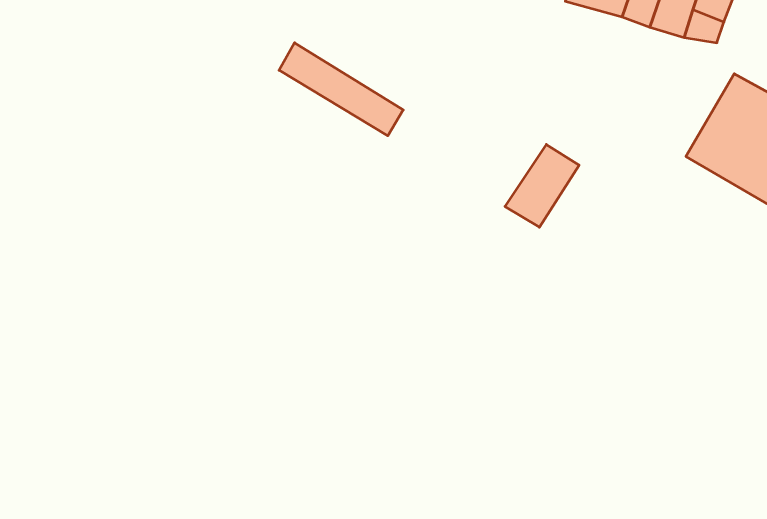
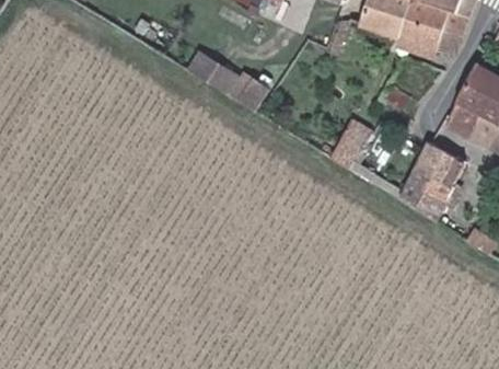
building: none -> [403,140,466,217]

